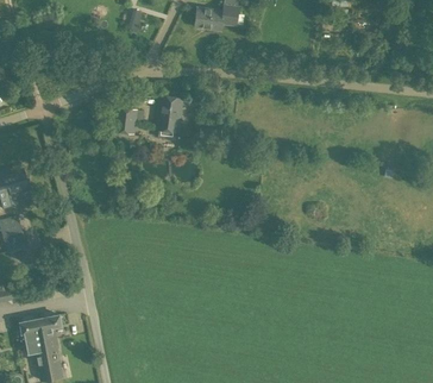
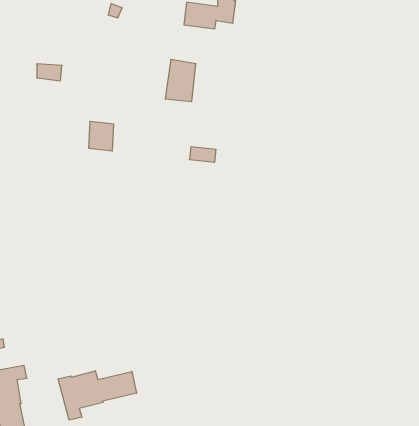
building: [155,95,181,131] -> [165,59,196,102]
building: none -> [58,371,136,420]

